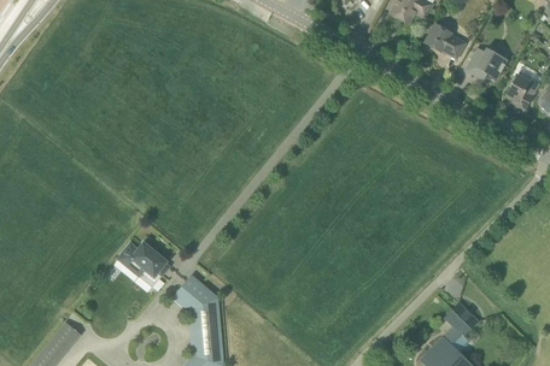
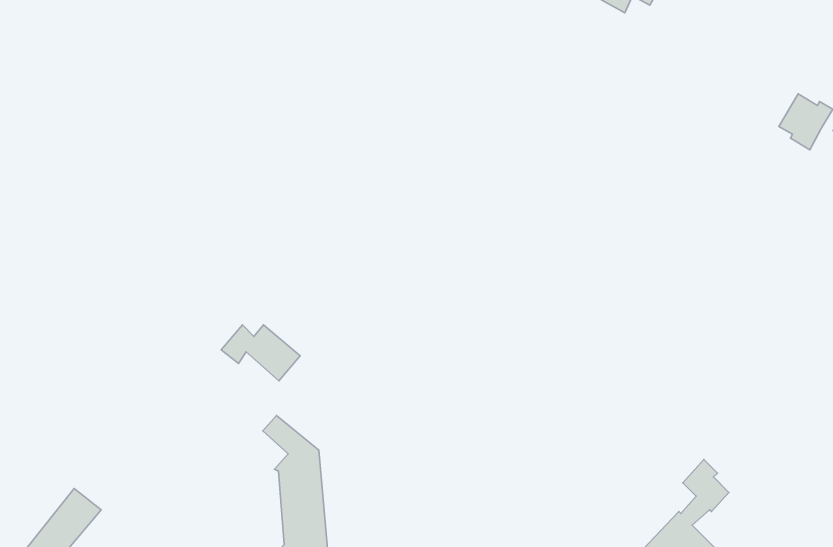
building: [423,23,466,58] -> none
building: [464,47,507,78] -> none
building: [117,242,166,277] -> [221,325,300,381]

